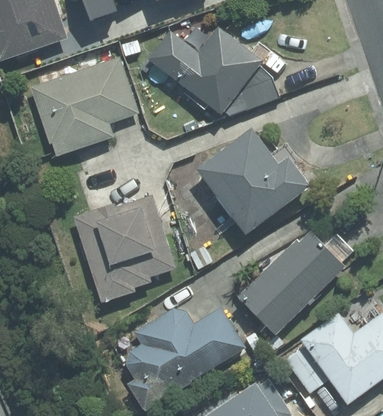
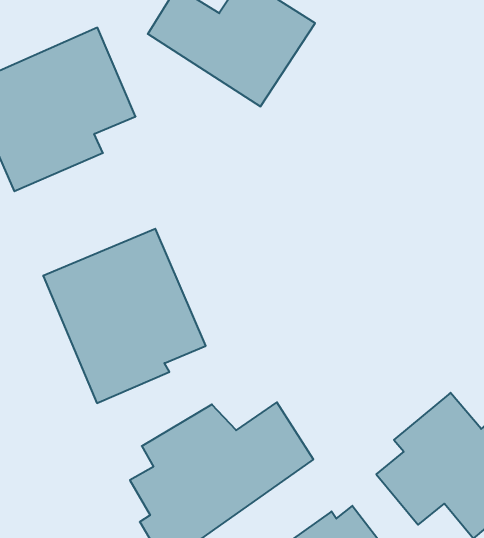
building: [192,128,312,237] -> none
building: [238,229,346,336] -> none

